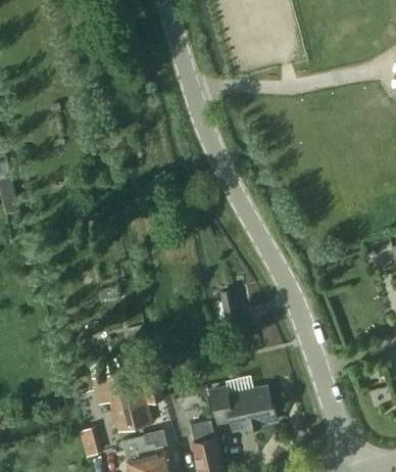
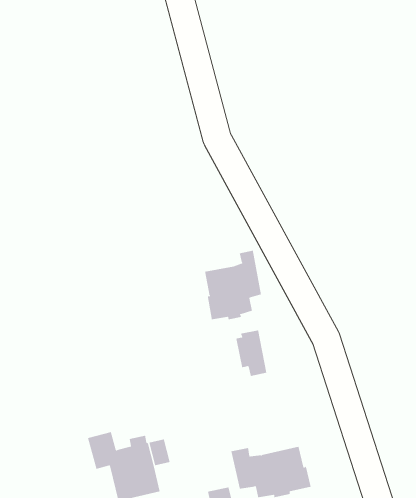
building: none -> [205,250,262,320]

